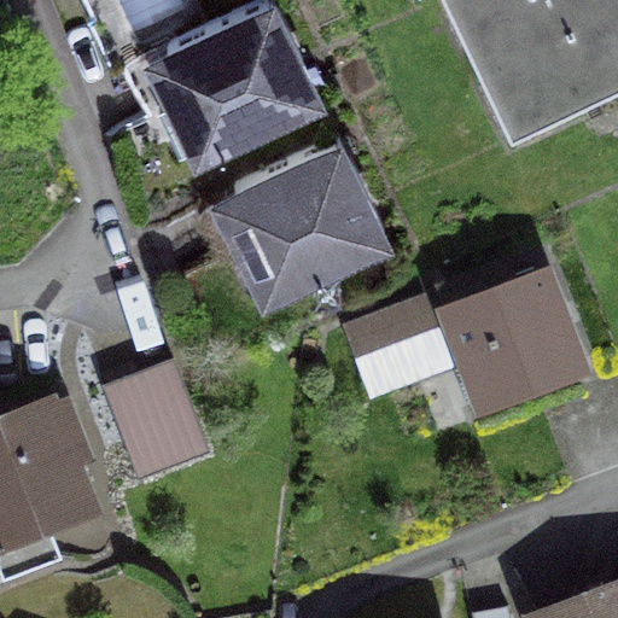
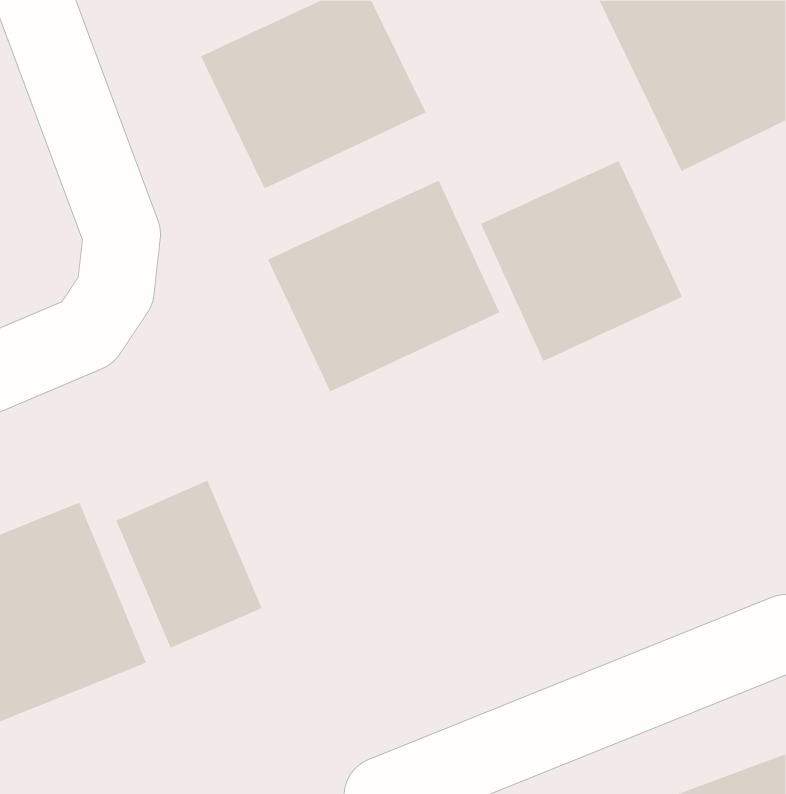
building: none -> [480,160,683,362]
building: [448,267,589,413] -> none
building: [342,301,448,397] -> none

